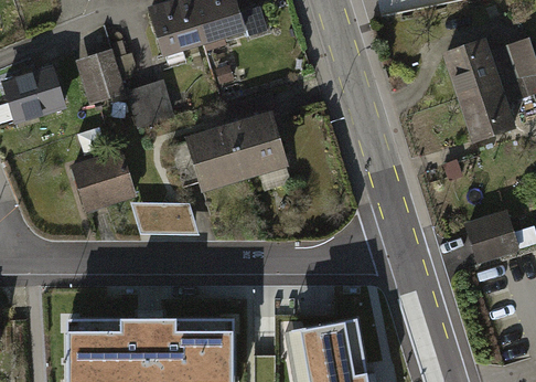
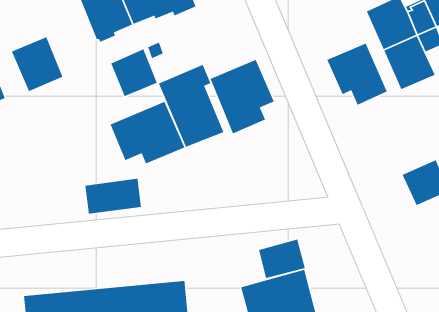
building: [127,82,174,130] -> [110,48,158,97]
building: none -> [326,42,388,106]
building: none -> [209,59,275,135]
building: [71,150,138,214] -> none
building: none -> [258,239,306,279]

